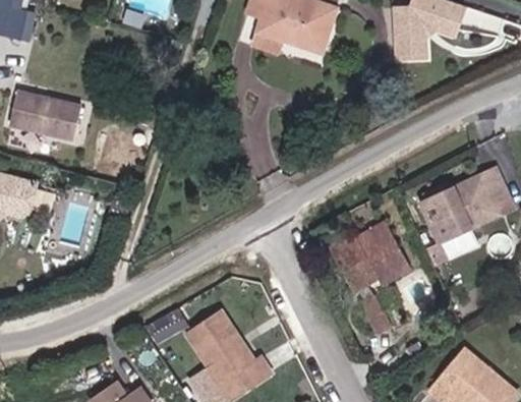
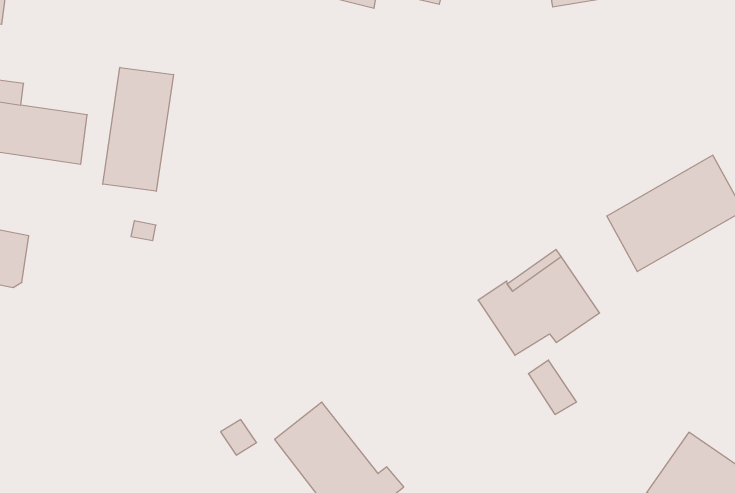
building: none -> [103,67,173,191]

